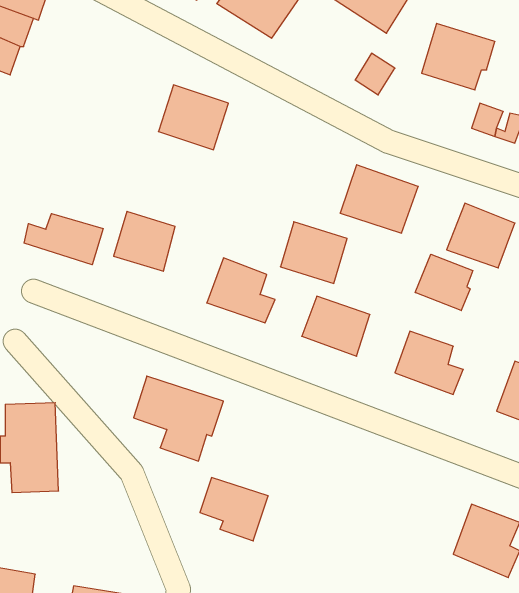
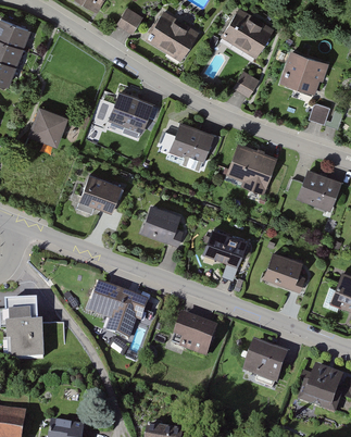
building: none -> [28,104,70,146]
building: [24,214,103,265] -> none
building: [280,222,347,283] -> [168,122,212,162]
building: [415,254,473,311] -> none
building: none -> [241,341,287,384]
building: [200,478,268,541] -> [170,315,214,357]

